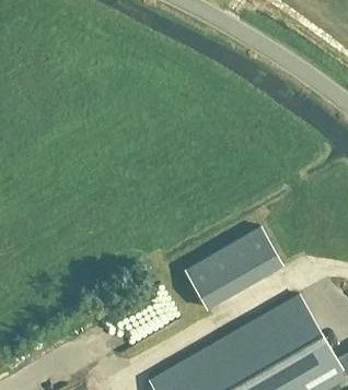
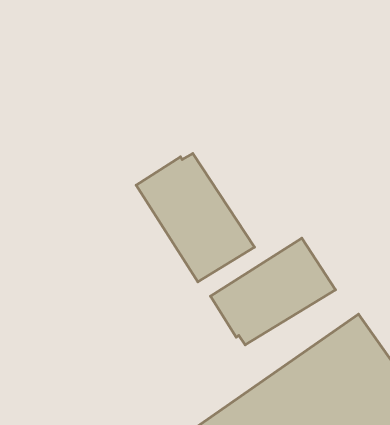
building: none -> [136,153,255,282]

